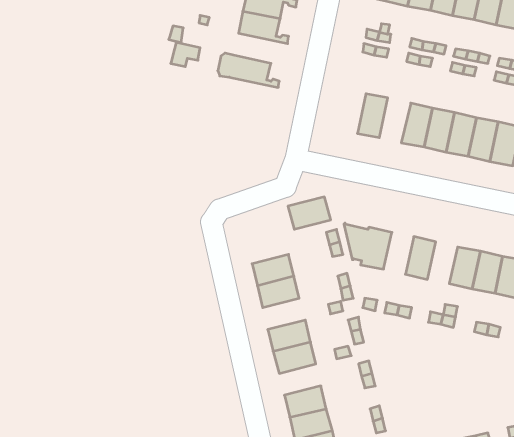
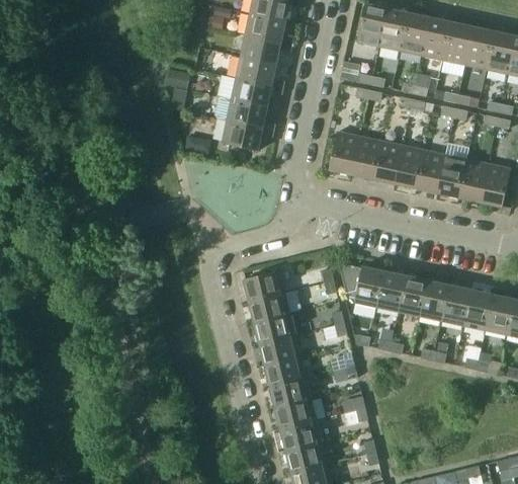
building: none -> [231,78,283,107]
building: none -> [222,120,274,151]
building: none -> [329,132,359,175]
building: none -> [372,141,403,184]
building: [288,197,331,229] -> [243,270,284,302]
building: none -> [376,271,406,312]
building: none -> [419,280,448,321]
building: none -> [259,335,300,366]
building: none -> [275,399,316,429]

